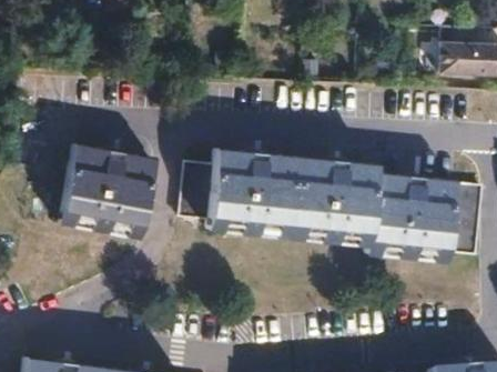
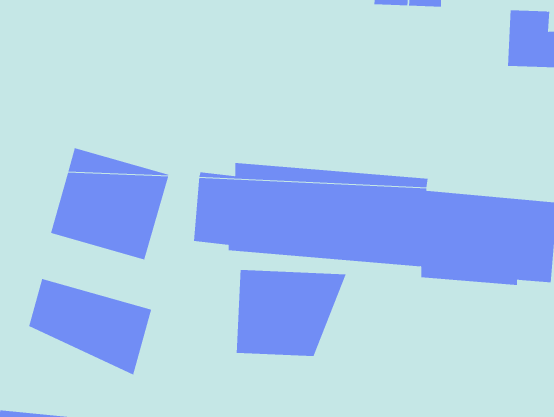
building: none -> [236,269,346,357]
building: none -> [28,278,152,376]

